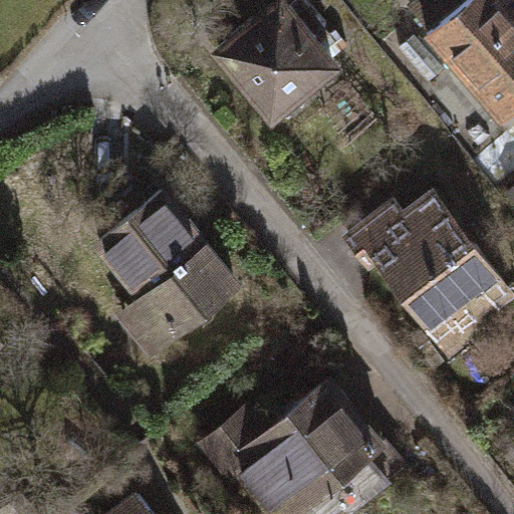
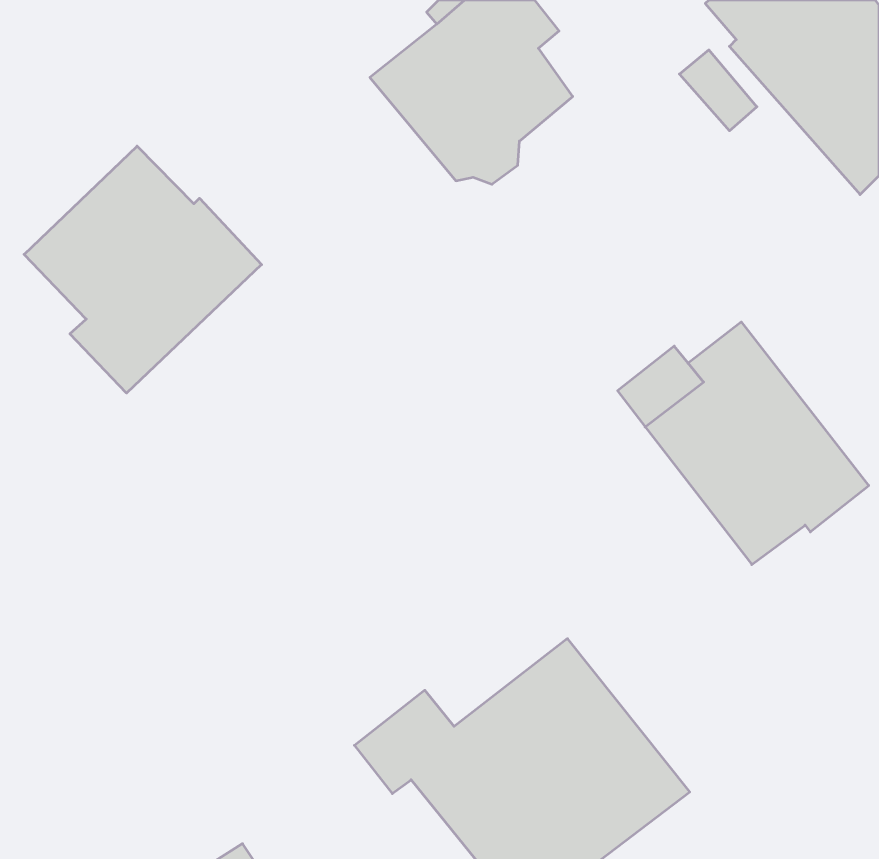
building: none -> [24,146,262,393]
building: [97,200,235,347] -> none

